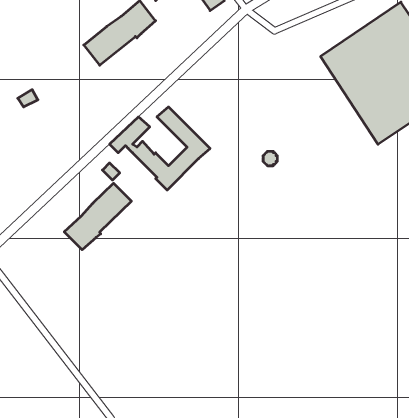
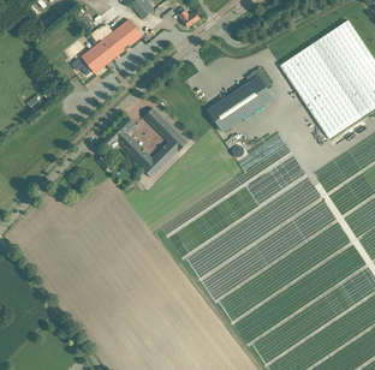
building: none -> [208,68,273,131]
building: [64,183,131,250] -> none

